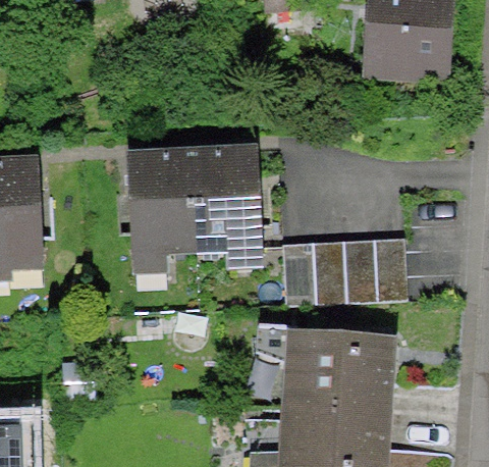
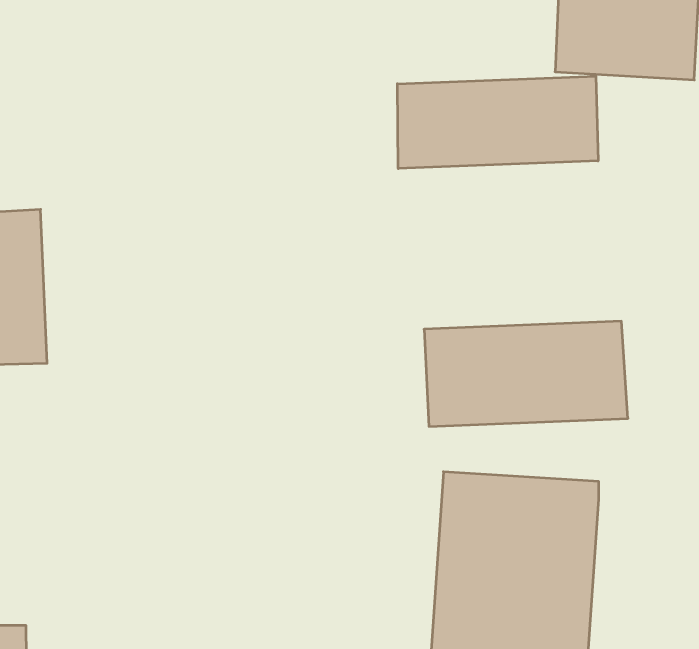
building: none -> [397,76,598,169]
building: [125,156,264,255] -> none

